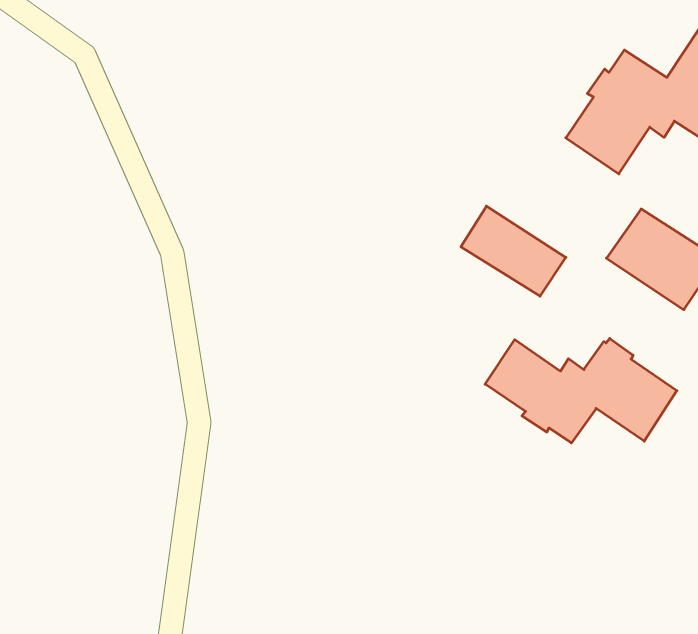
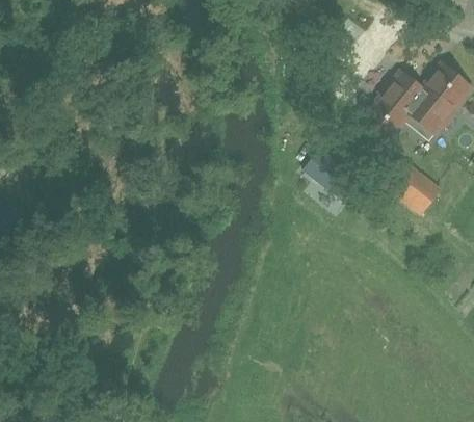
building: [485,338,677,443] -> none

